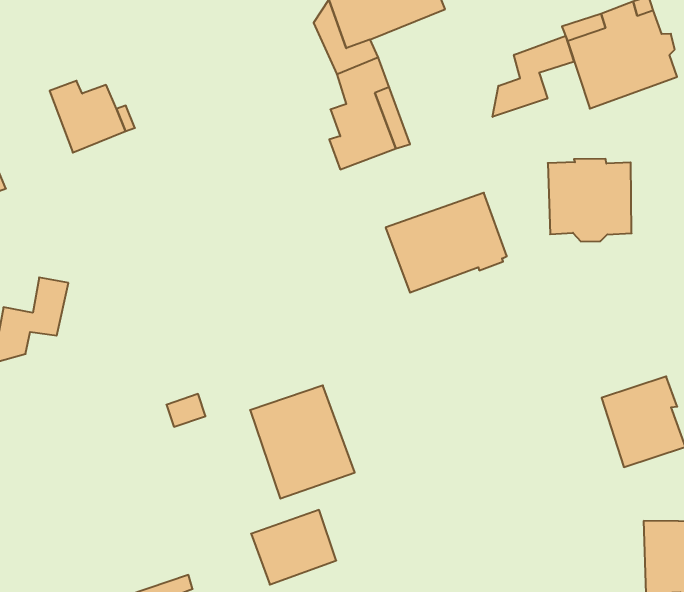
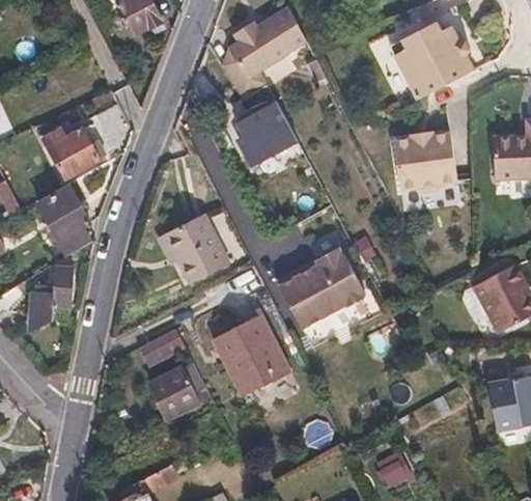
building: [493,36,574,117] -> none
building: none -> [38,187,93,256]
building: [386,193,507,293] -> [278,251,364,327]
building: none -> [164,214,228,283]
building: [251,510,336,585] -> [149,362,211,418]

